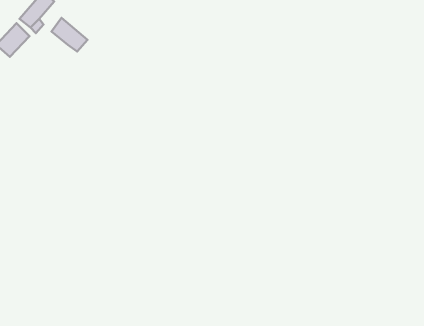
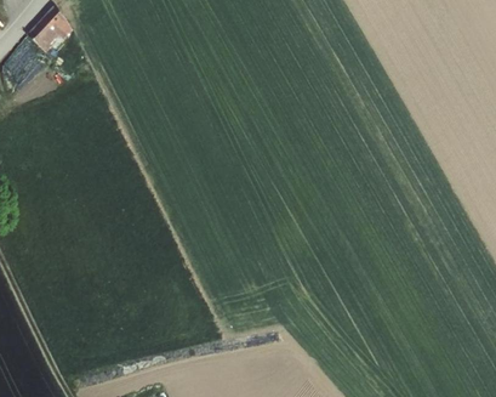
building: [52,18,87,51] -> none

